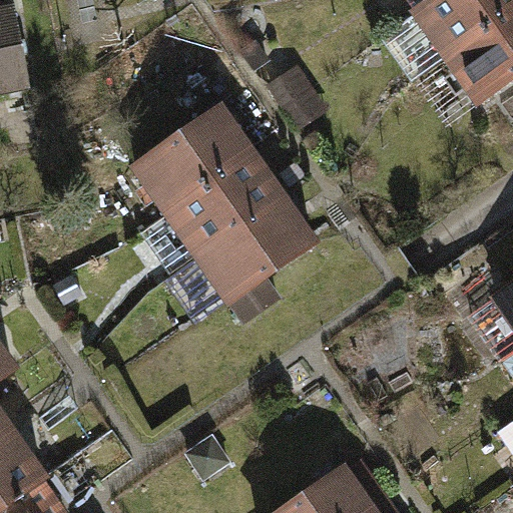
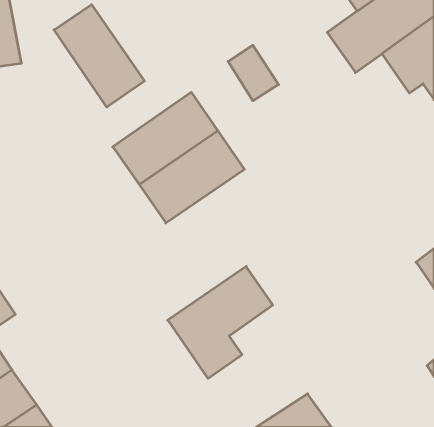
building: none -> [54,5,144,107]
building: [194,198,318,330] -> [168,266,273,378]

